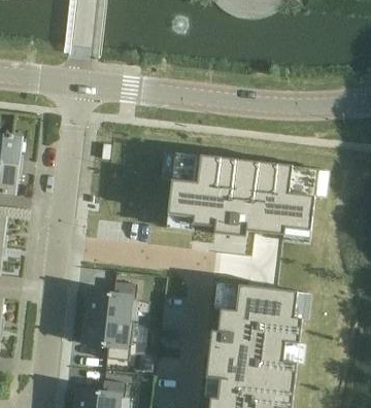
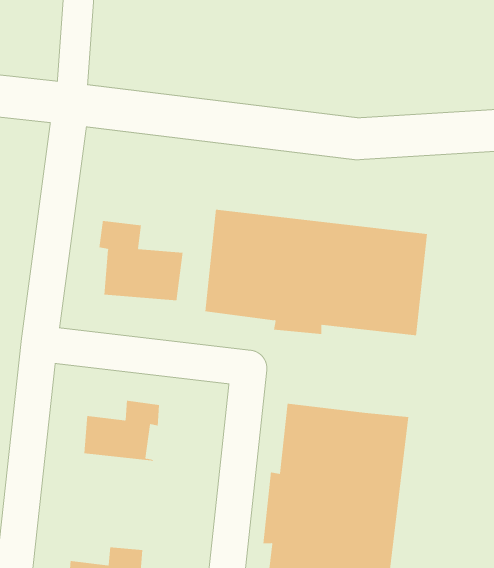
building: none -> [99,220,183,301]
building: [82,317,133,361] -> none

